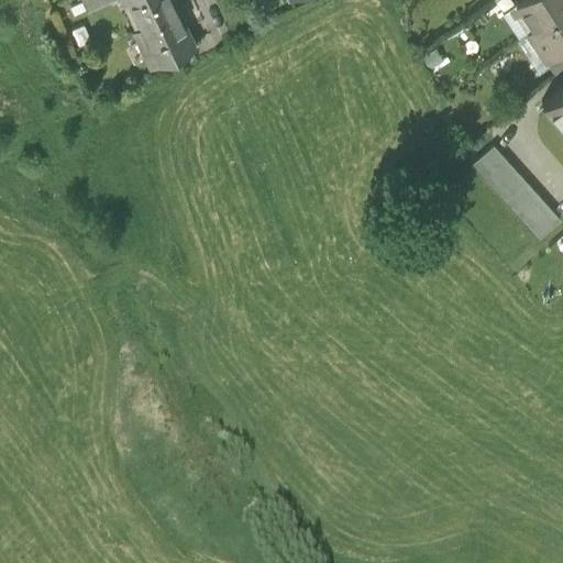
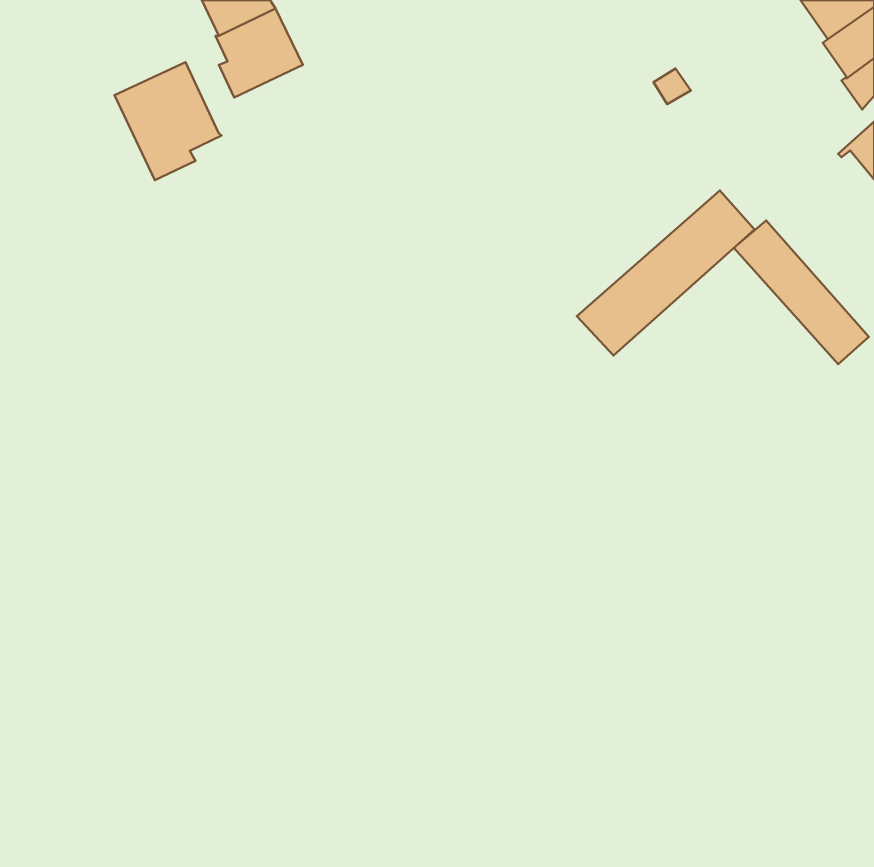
building: none -> [115,62,222,180]
building: none -> [577,190,754,356]

